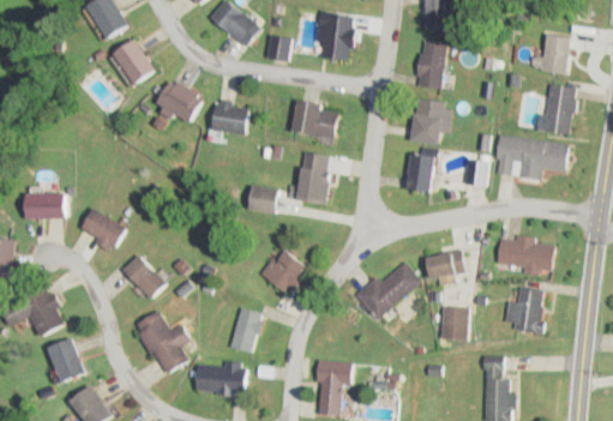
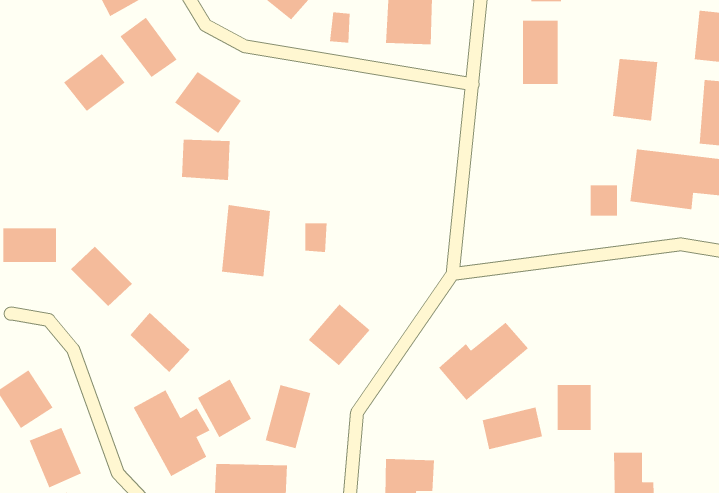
building: none -> [63,53,125,112]
building: [407,100,440,145] -> [612,58,658,121]
building: [217,104,253,134] -> [181,139,231,181]
building: [289,104,333,138] -> none
building: [293,152,329,205] -> [221,204,271,277]
building: [402,155,427,192] -> none
building: [494,239,552,270] -> none
building: [419,249,463,281] -> [482,407,543,450]
building: [507,288,541,332] -> none
building: none -> [197,379,252,438]

